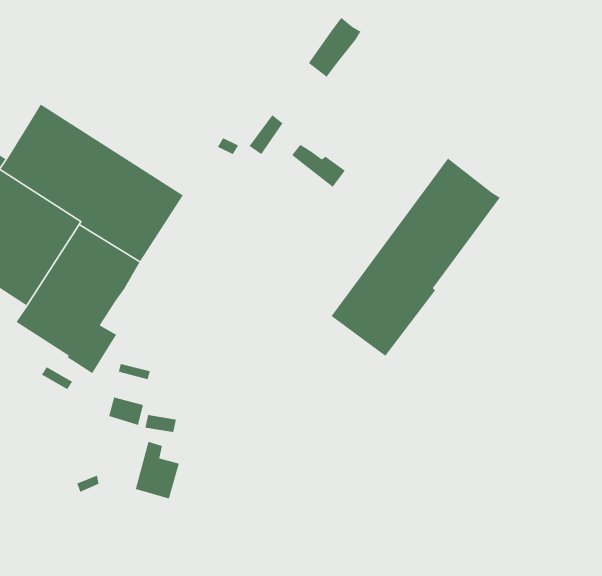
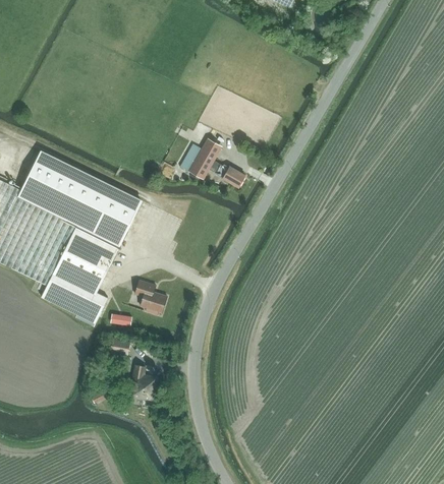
building: [308,17,361,78] -> [187,136,220,177]
building: [330,157,501,357] -> none
building: none -> [133,279,165,313]

